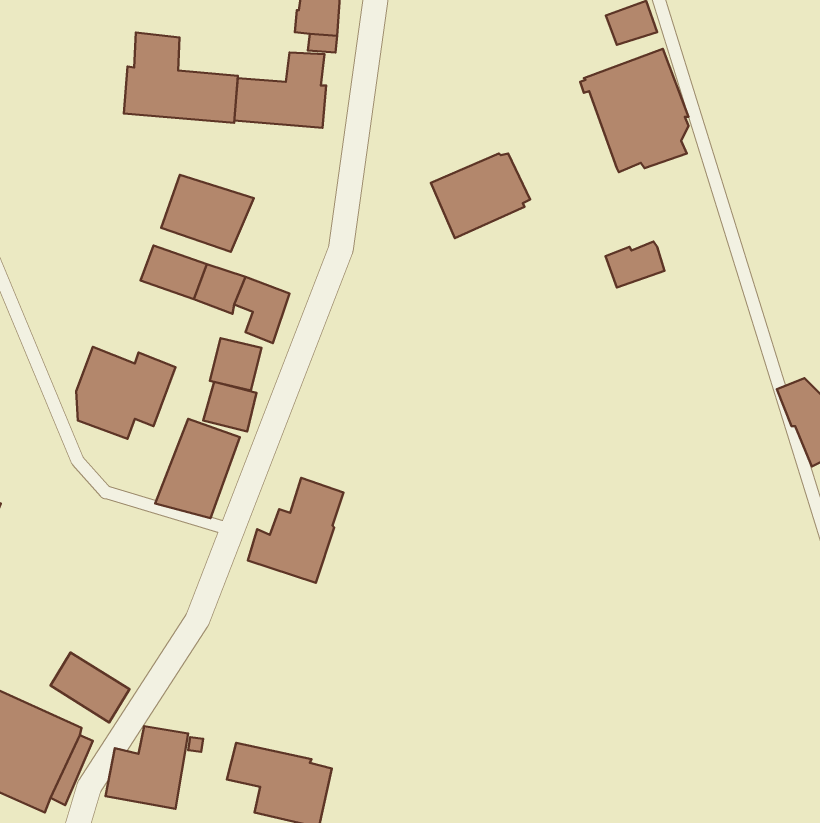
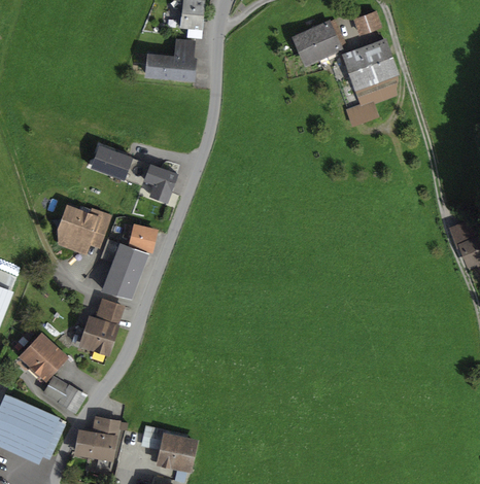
building: [124,33,238,123] -> none
building: [431,153,530,238] -> [290,20,346,67]
building: [161,175,254,252] -> none
building: [606,241,664,287] -> [345,101,378,127]
building: [210,338,262,391] -> none
building: [248,478,343,583] -> [70,298,124,356]
building: none -> [18,332,68,382]

